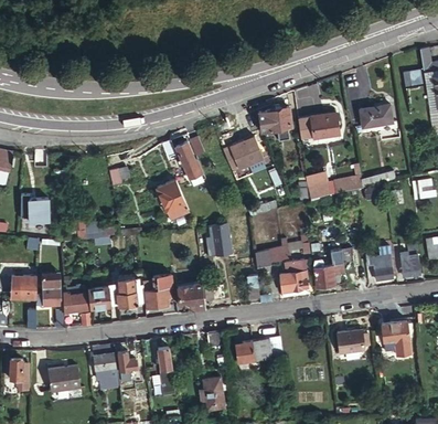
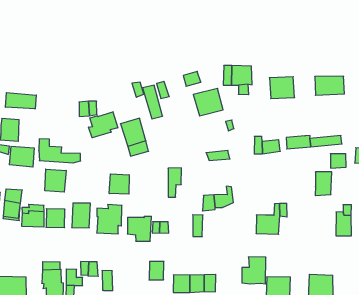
building: none -> [5,93,36,109]
building: none -> [89,112,118,138]
building: none -> [9,146,34,167]
building: none -> [109,174,129,194]
building: none -> [45,169,66,192]
building: [374,254,394,282] -> [315,172,332,196]
building: [280,261,308,292] -> [242,257,266,284]

